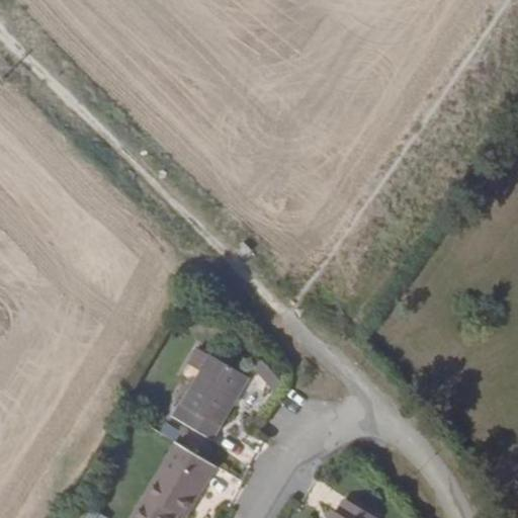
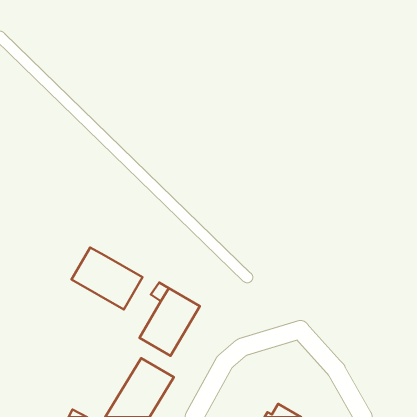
building: none -> [72,248,143,309]

